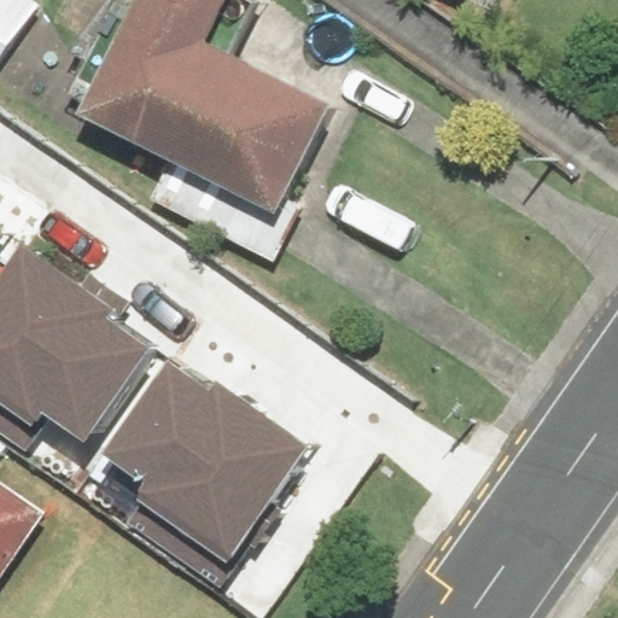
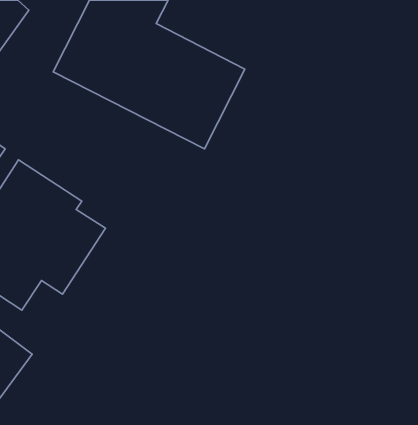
building: [110,358,311,581] -> none

